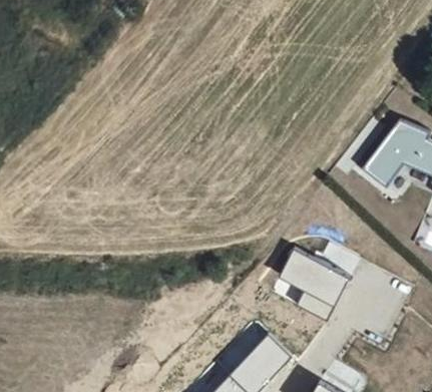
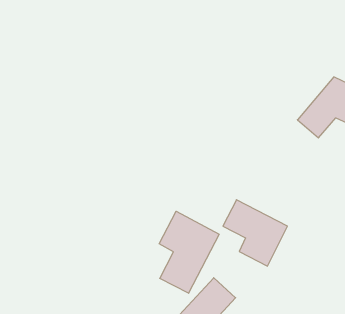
building: none -> [159,211,219,293]

